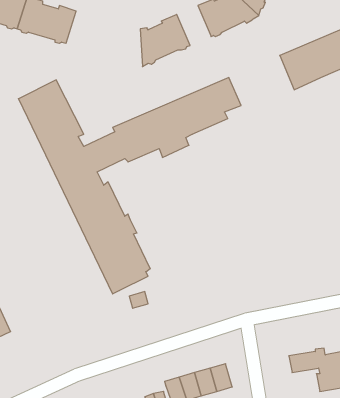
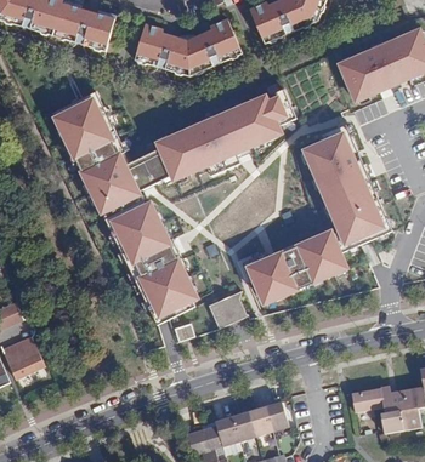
building: none -> [135,24,189,76]
building: none -> [243,125,393,304]
building: none -> [209,291,249,329]

